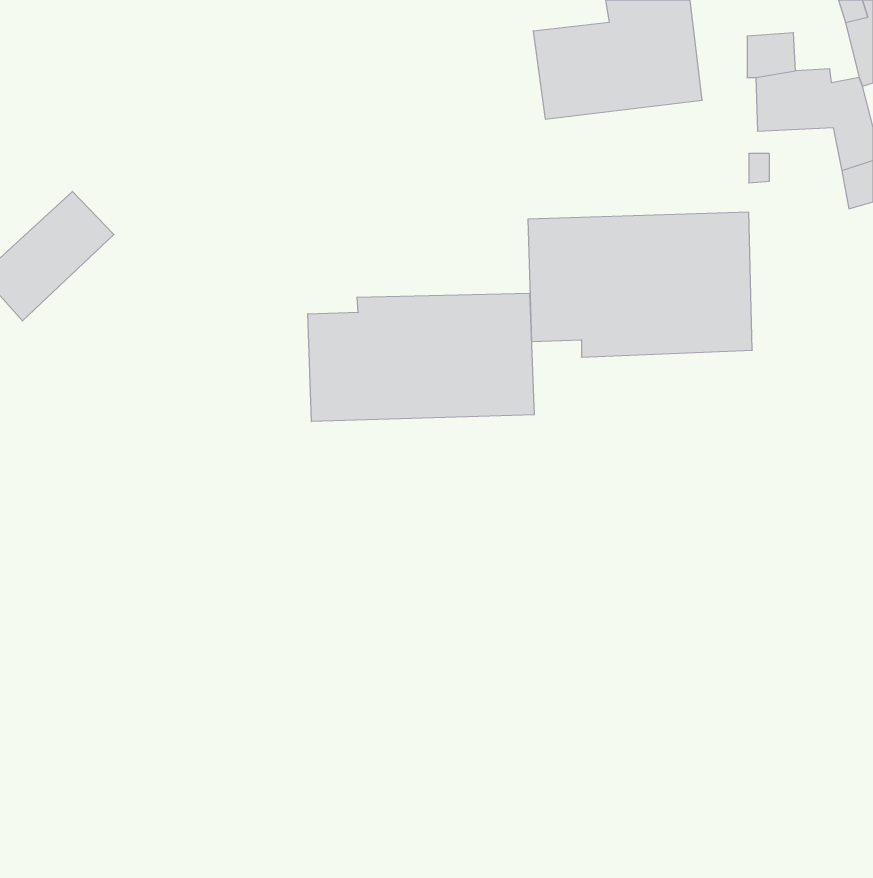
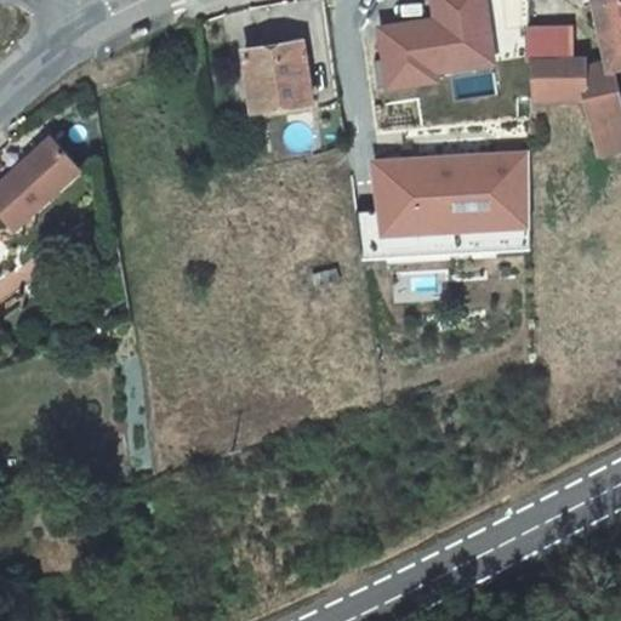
building: none -> [257,47,319,106]
building: [308,293,534,422] -> none

